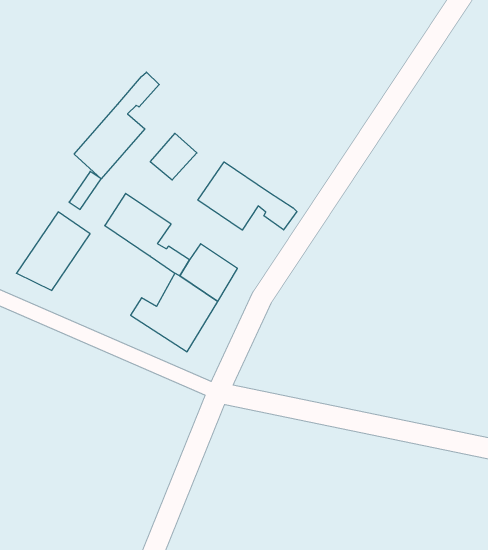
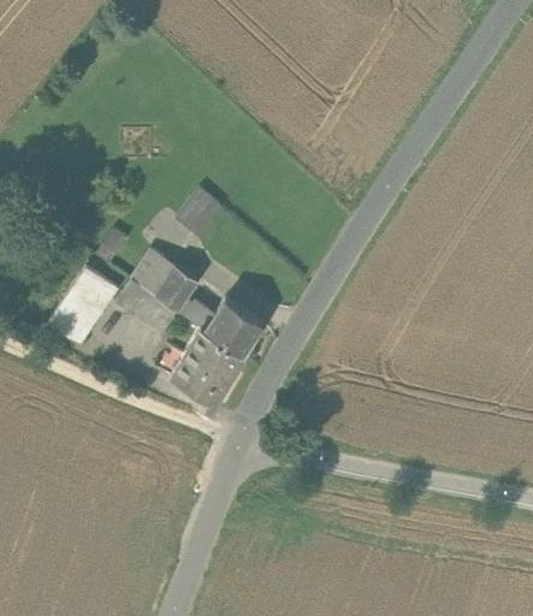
building: [74,72,159,179] -> none
building: [198,162,297,230] -> none
building: none -> [116,279,177,333]

